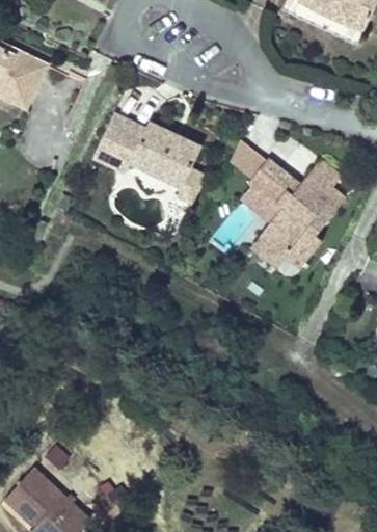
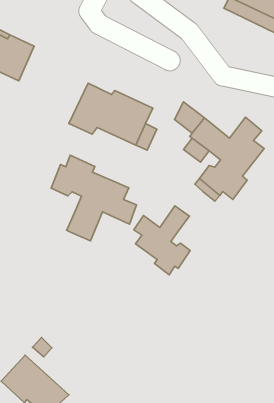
building: none -> [51,155,137,241]
building: none -> [134,206,190,275]

